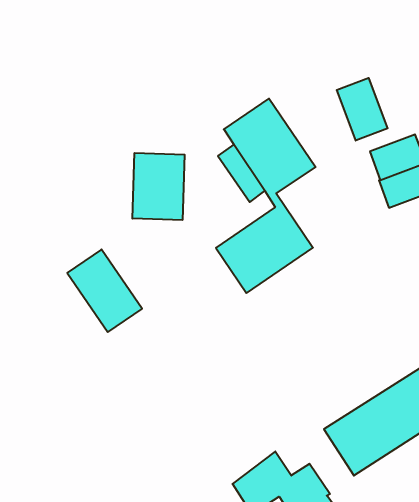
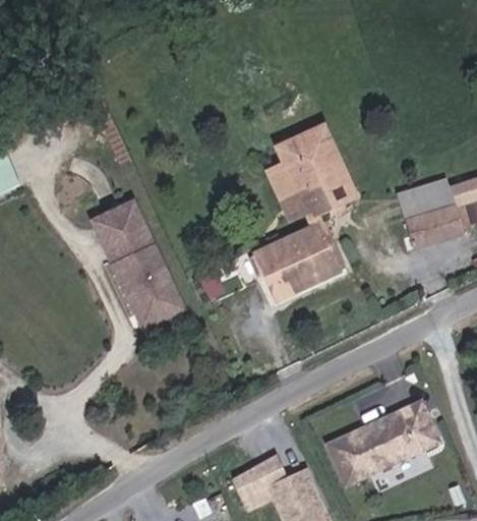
building: [337,78,388,141] -> none
building: [132,153,185,220] -> none
building: none -> [93,200,146,258]

